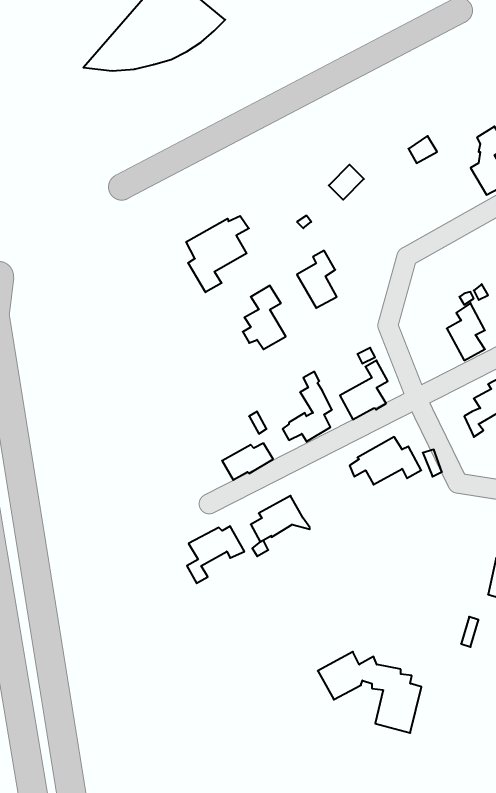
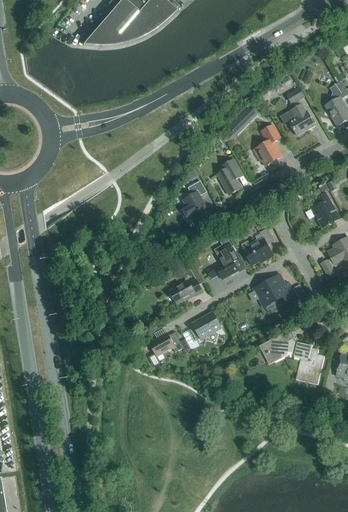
building: none -> [281,104,315,135]
building: none -> [253,125,283,166]
building: [186,216,249,292] -> none
building: [318,652,421,733] -> [260,334,325,385]

